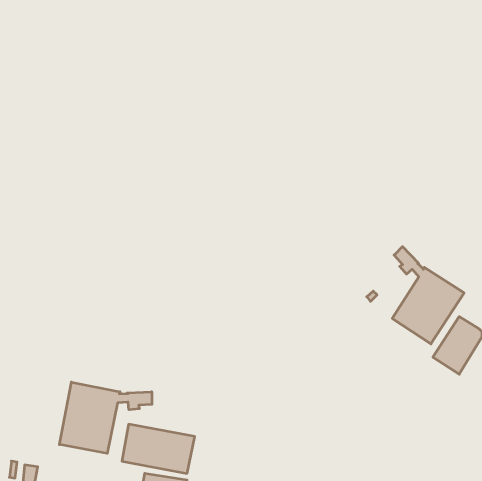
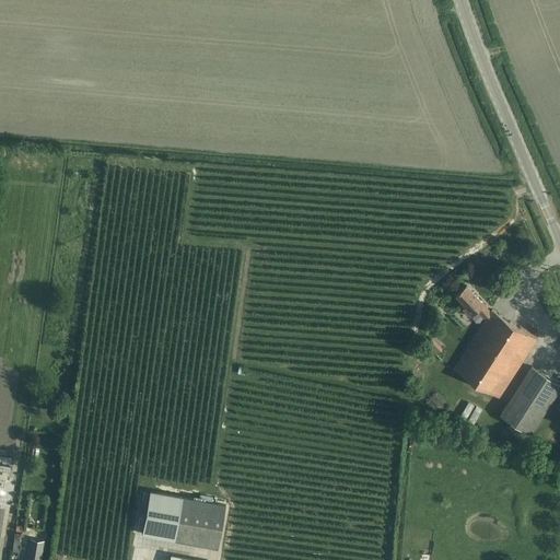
building: [59,382,152,453] -> none

